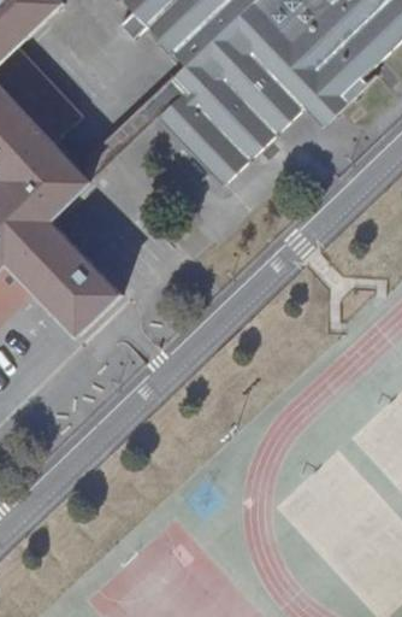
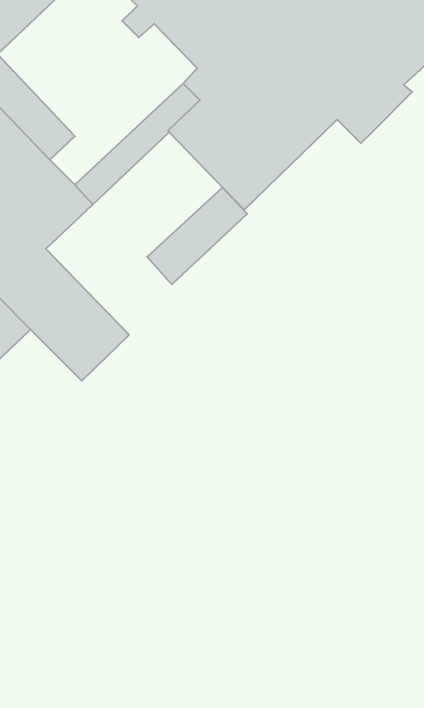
building: none -> [147,187,247,284]

